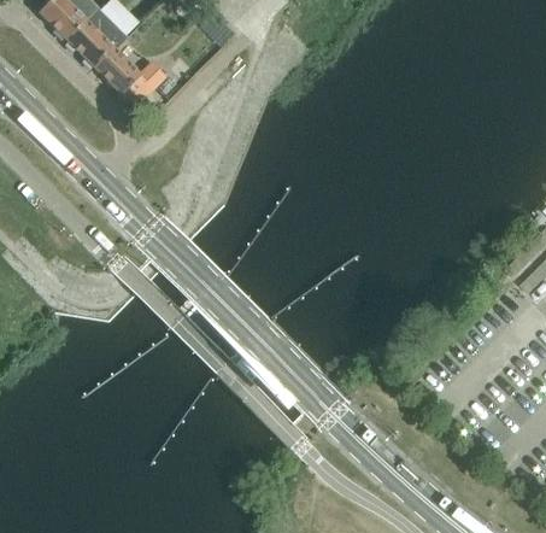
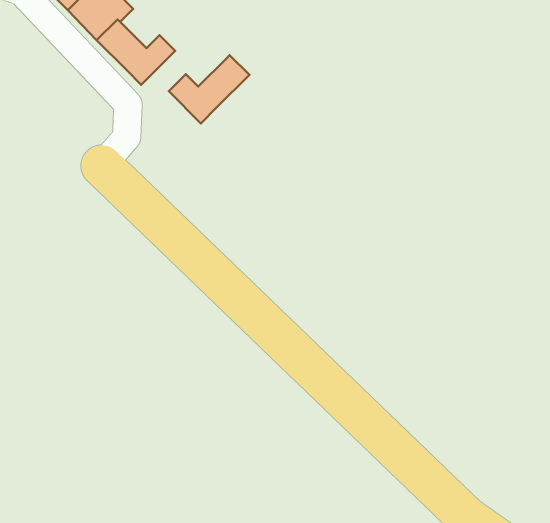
building: none -> [169,55,249,123]

